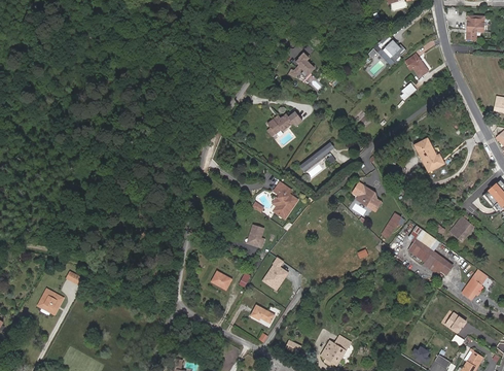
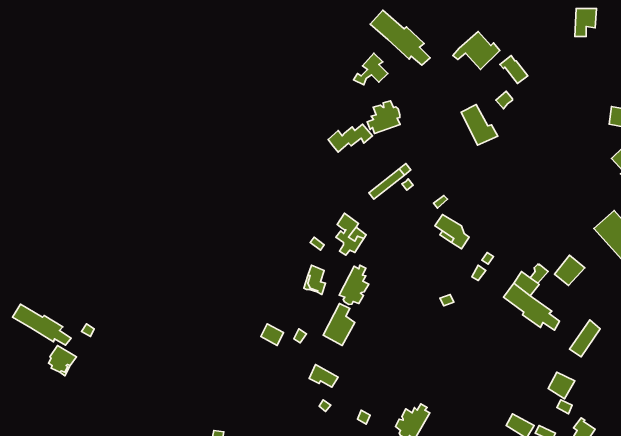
building: none -> [370,10,430,65]
building: none -> [367,101,400,133]
building: [415,138,444,171] -> [461,104,498,145]
building: none -> [339,265,369,304]
building: none -> [13,304,71,345]

